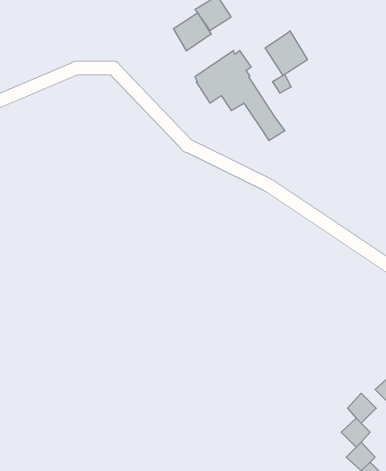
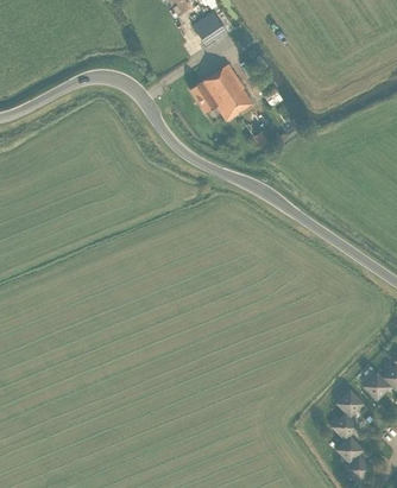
building: [173,13,211,51] -> none
building: [265,31,307,75] -> none

